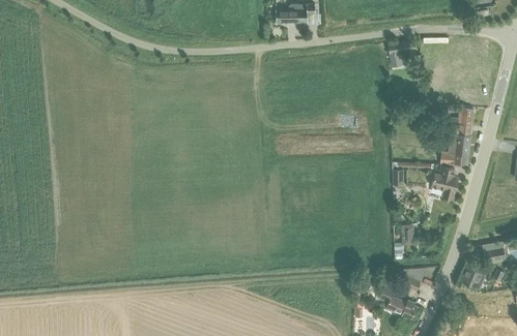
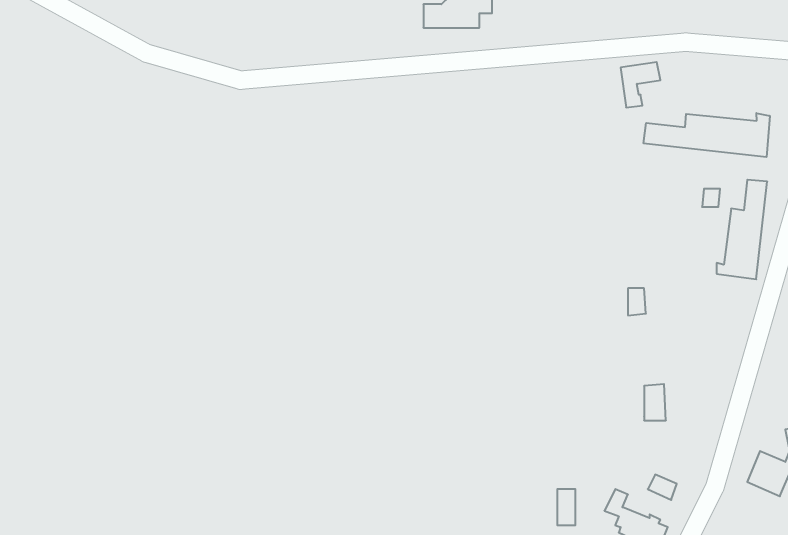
building: none -> [644,113,770,157]
building: [430,167,459,200] -> none

